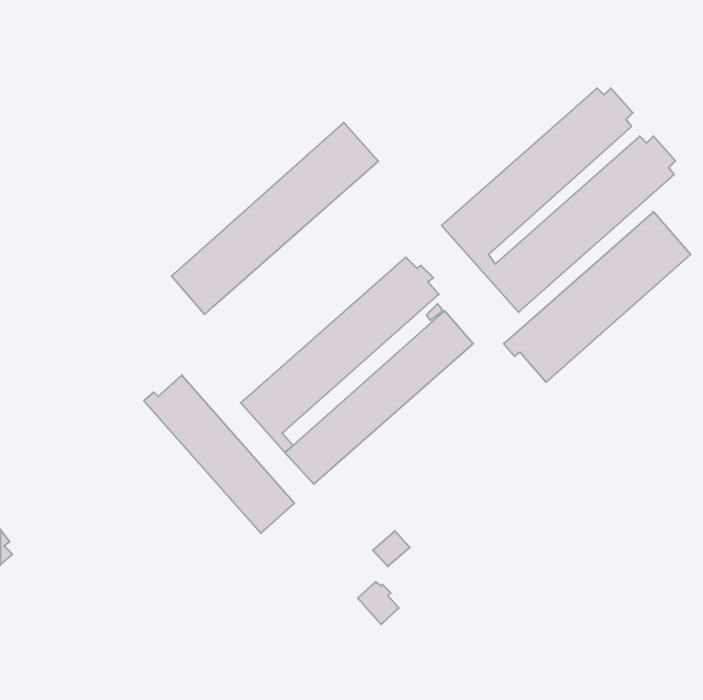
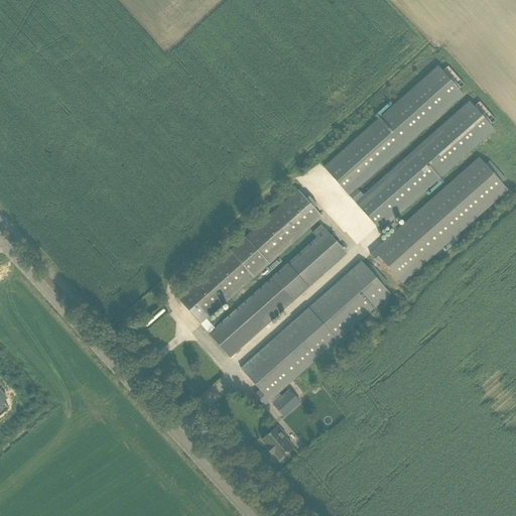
building: [172,122,378,314] -> none
building: none -> [240,259,390,404]
building: [144,375,294,533] -> none

